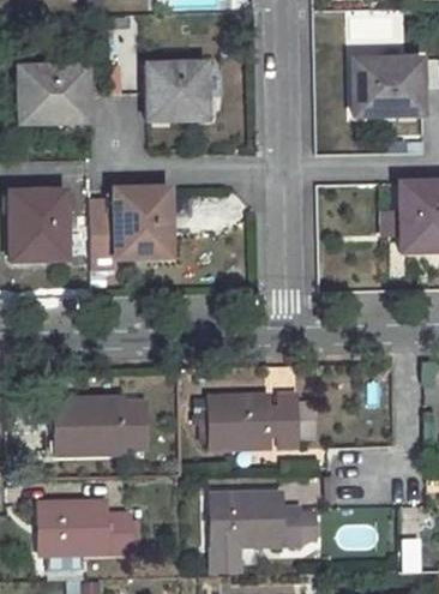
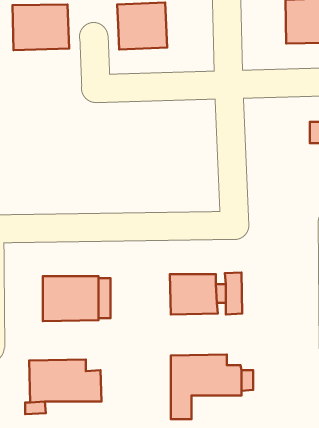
building: [89,186,169,266] -> none
building: [10,188,67,258] -> none

